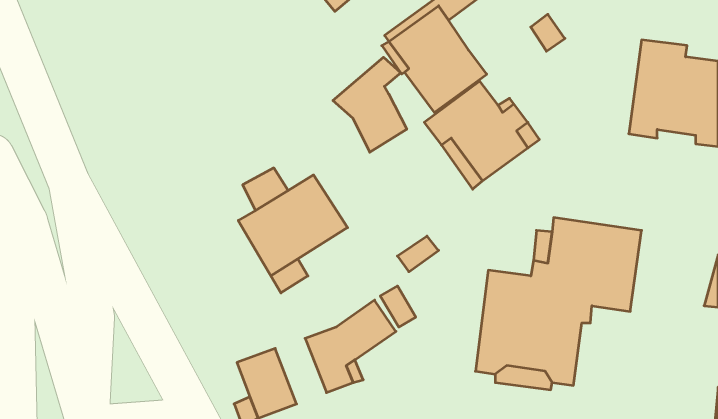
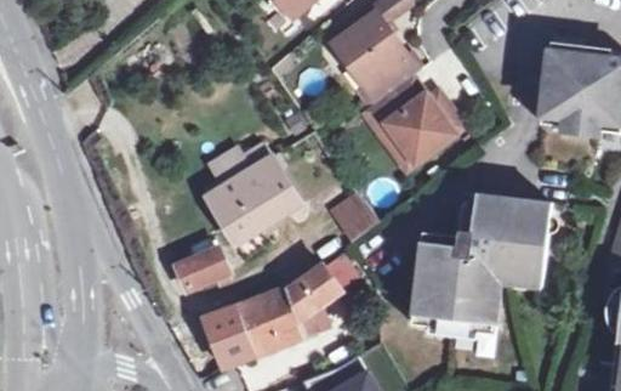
building: [333,57,407,152] -> none
building: none -> [176,246,227,287]
building: none -> [239,295,283,351]

